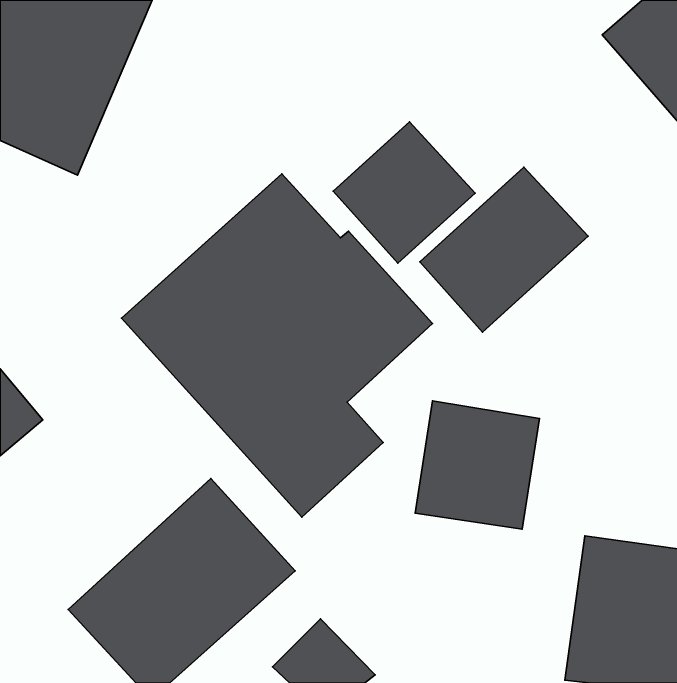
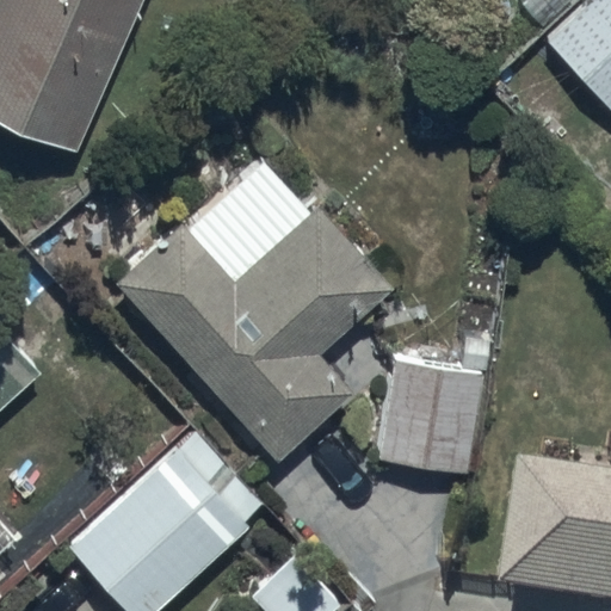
building: [333,122,475,263] -> none
building: [420,167,588,332] -> none

